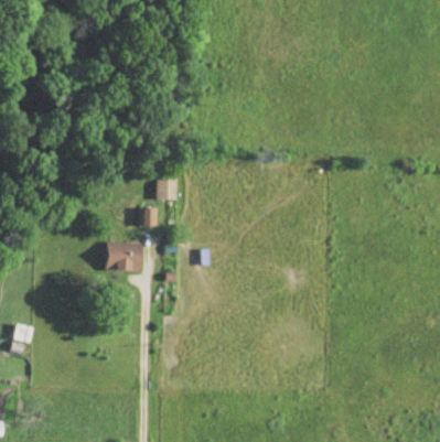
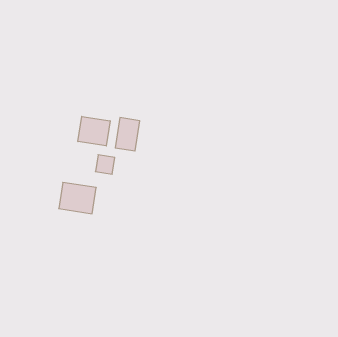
building: none -> [78,116,110,146]

